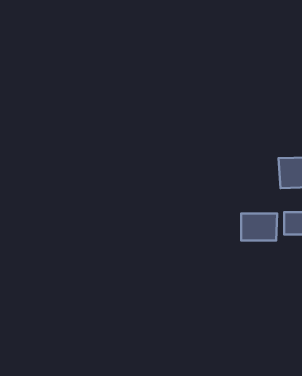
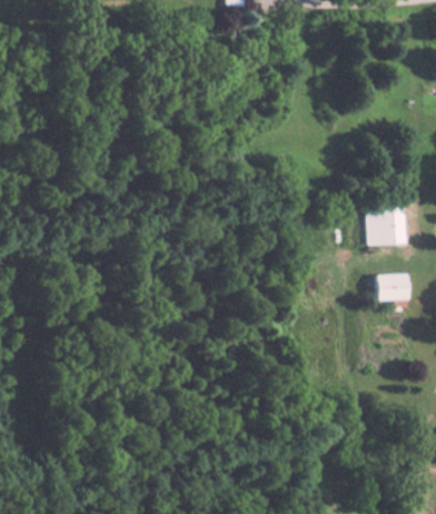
building: [241,213,277,241] -> none

